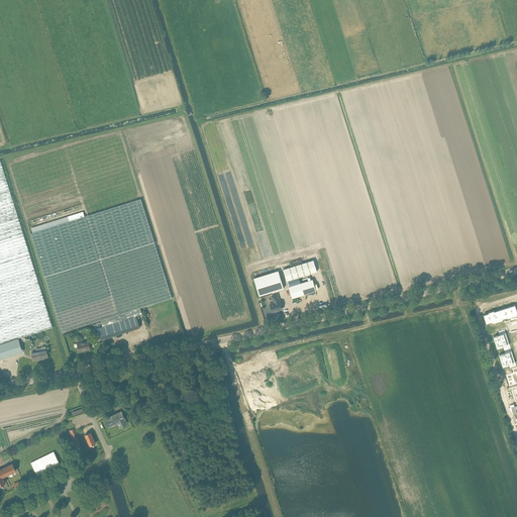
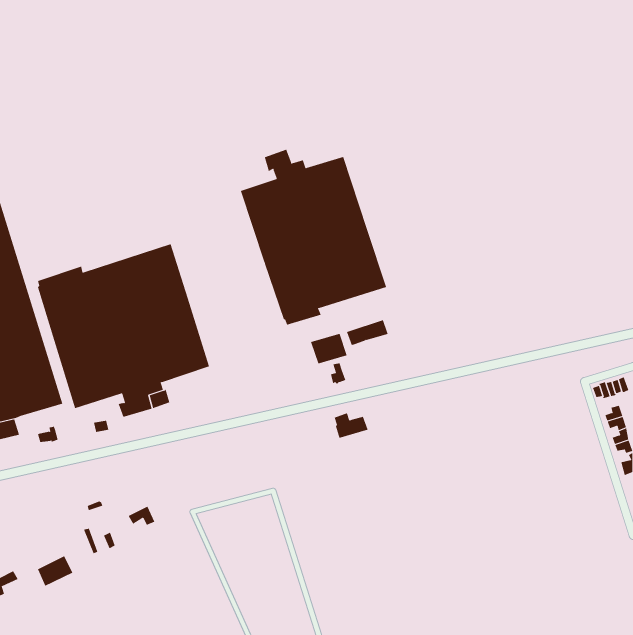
building: none -> [240,149,387,325]
building: [287,277,315,298] -> [334,412,369,439]

